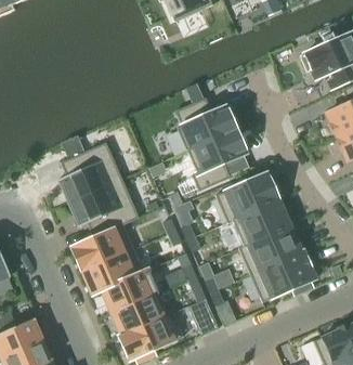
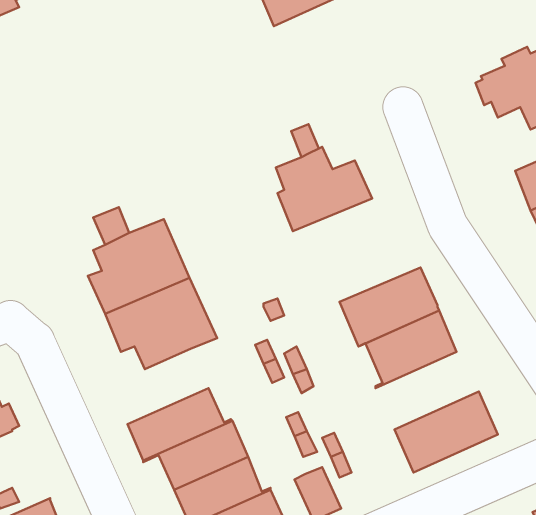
building: [186,129,246,190] -> none
building: [71,223,133,271] -> none
building: [238,225,304,274] -> none

